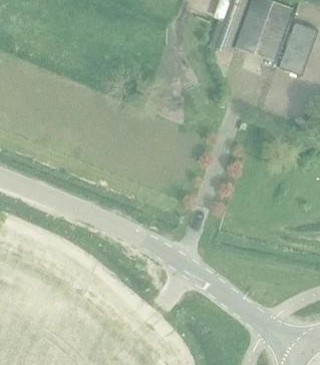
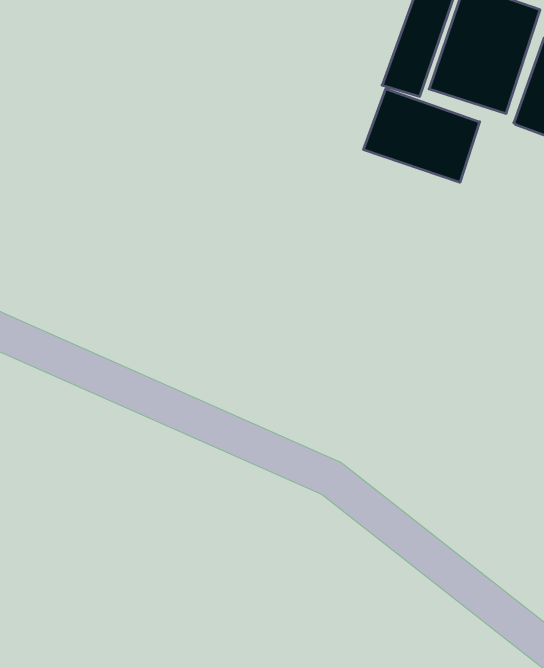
building: none -> [364,89,480,182]

